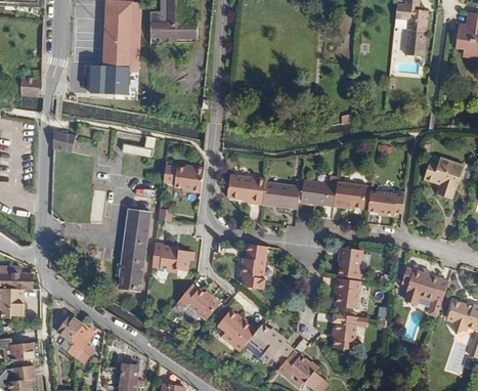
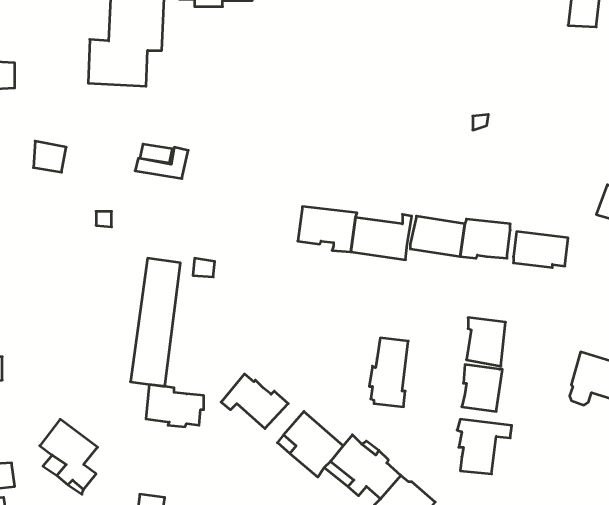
building: [163,165,203,192] -> none
building: [151,244,189,271] -> [146,385,204,427]
building: [241,244,266,289] -> [369,338,408,407]

